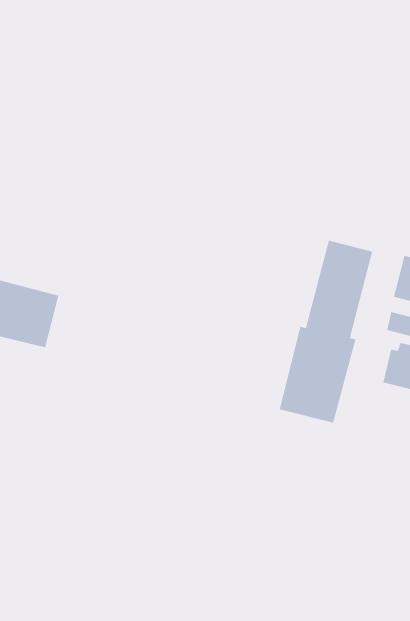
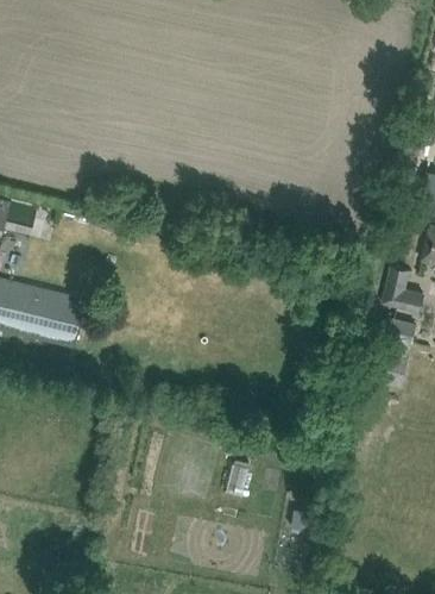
building: [279,240,373,423] -> none

